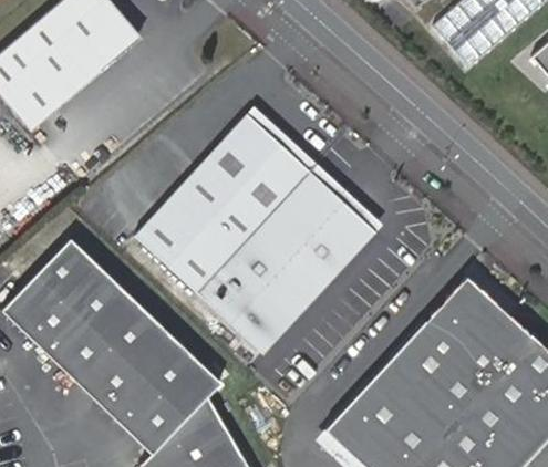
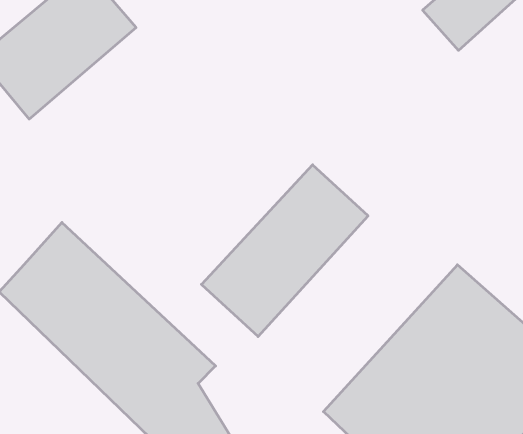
building: [143,118,320,301] -> none

